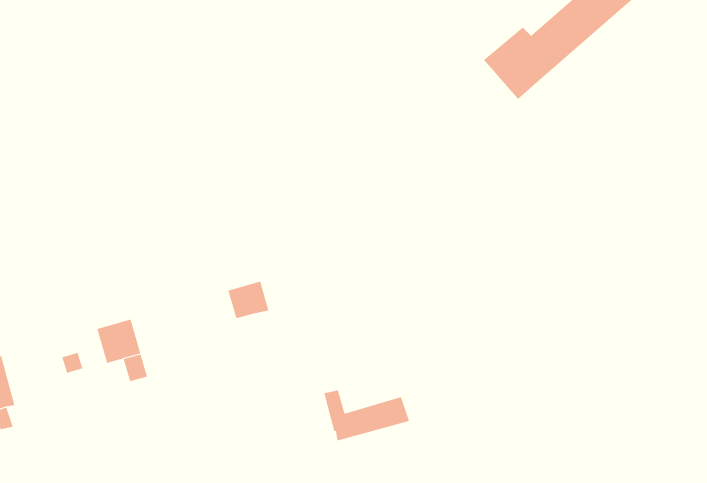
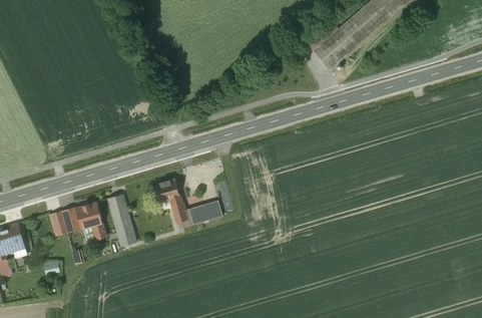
building: none -> [107,193,136,246]
building: [323,390,410,441] -> [170,196,222,227]

